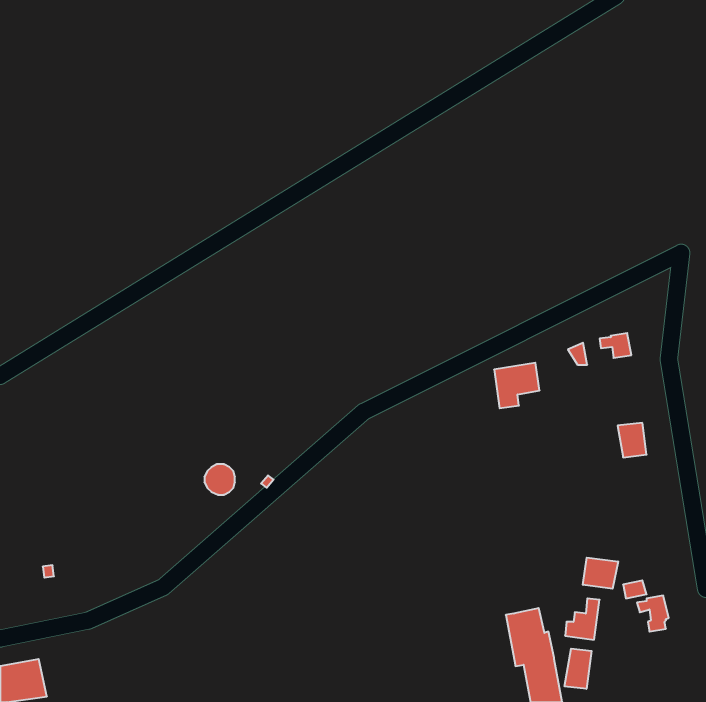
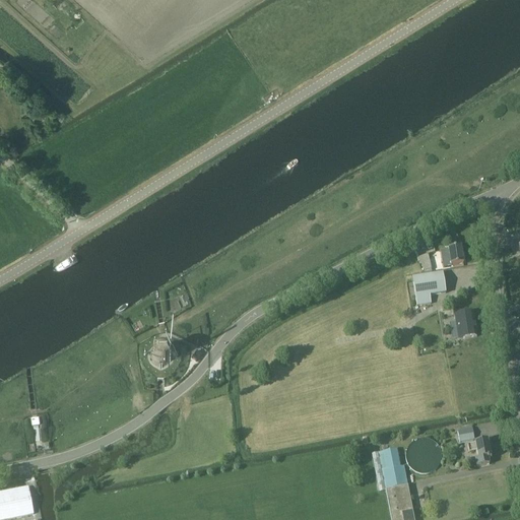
building: [494,363,540,408] -> [412,270,446,304]
building: [583,558,618,589] -> none
building: [565,649,592,689] -> none

